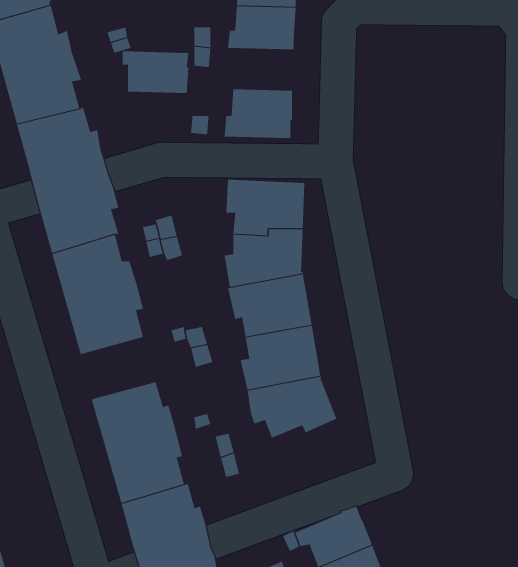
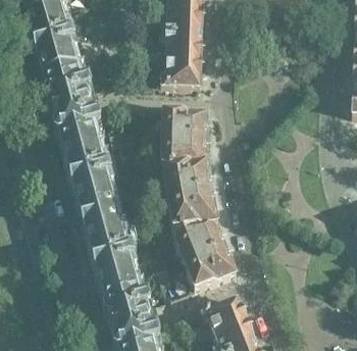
building: [122,51,189,94] -> [163,30,202,54]
building: none -> [79,196,122,232]
building: none -> [189,243,237,285]

